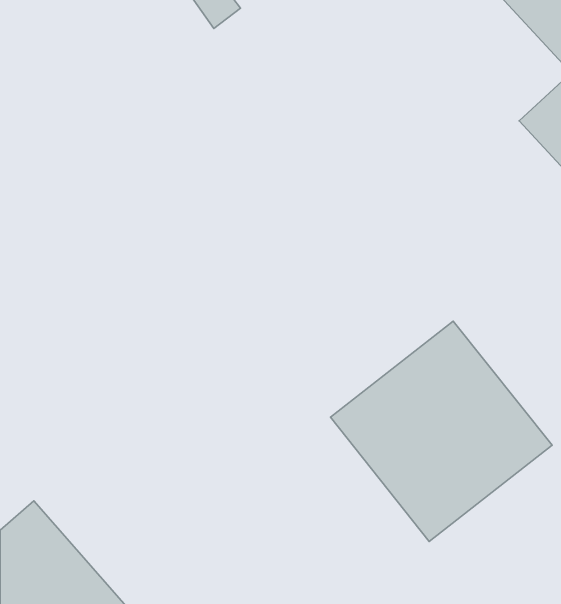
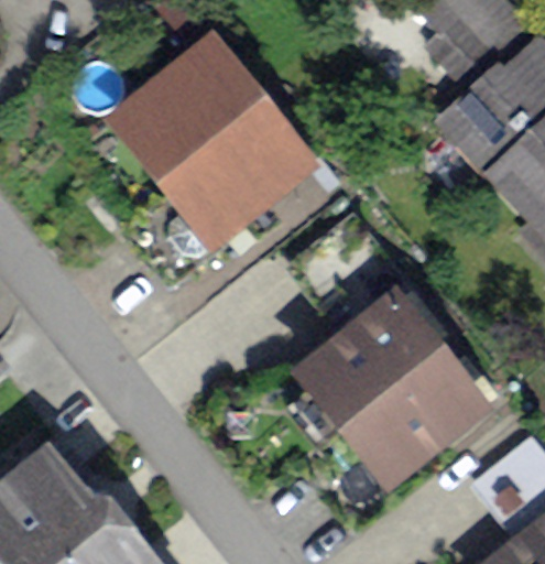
building: none -> [124,45,305,230]

